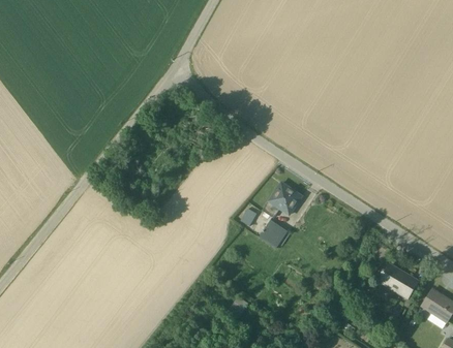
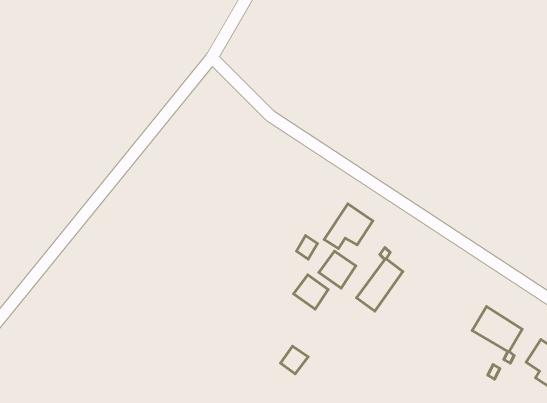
building: none -> [357,247,403,311]
building: none -> [293,275,328,309]

